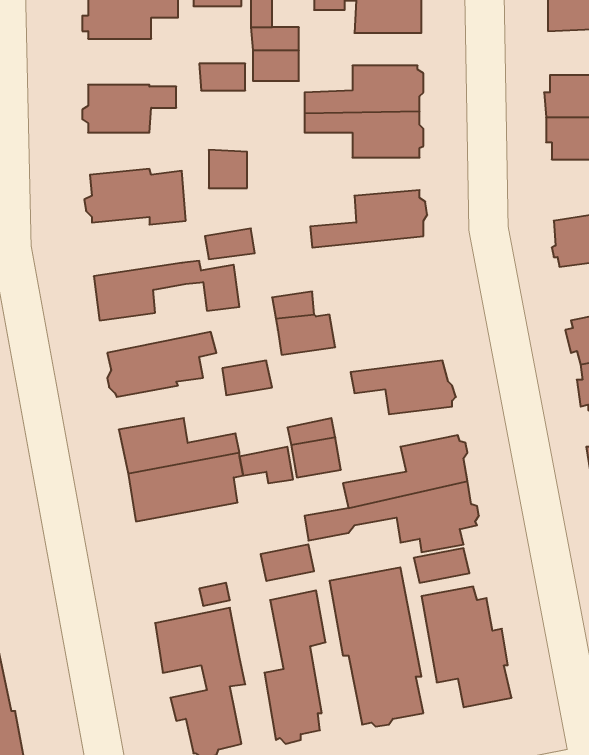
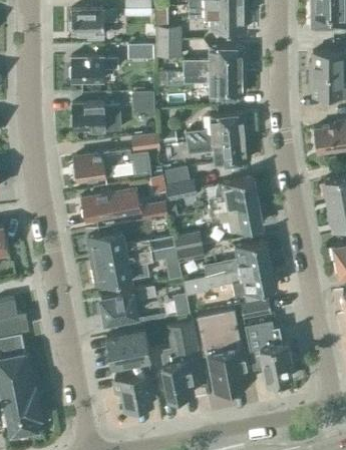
building: none -> [188,137,251,164]
building: none -> [207,178,256,208]
building: none -> [98,286,154,322]

